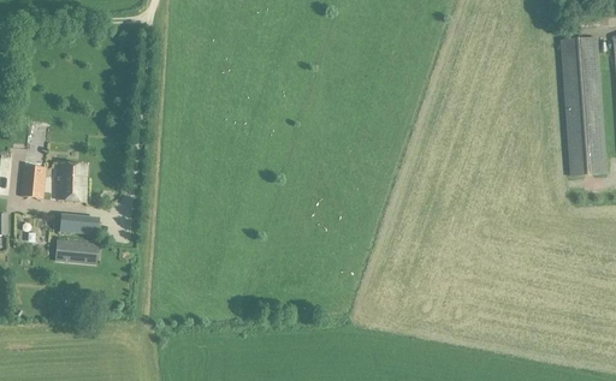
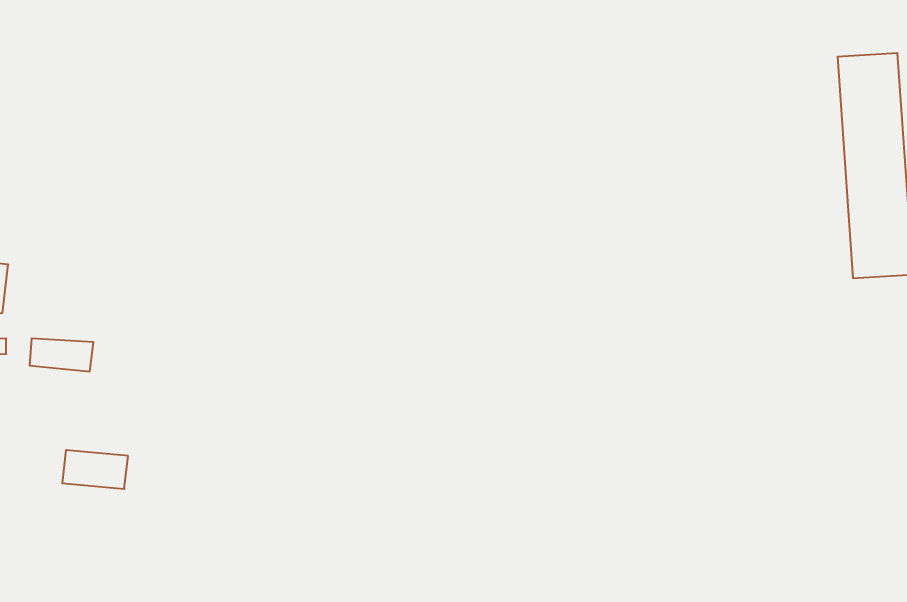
building: [57,162,87,201] -> none
building: [55,239,96,263] -> [62,450,128,489]

